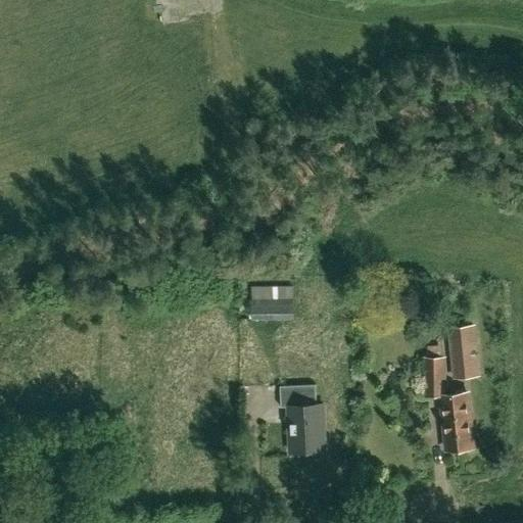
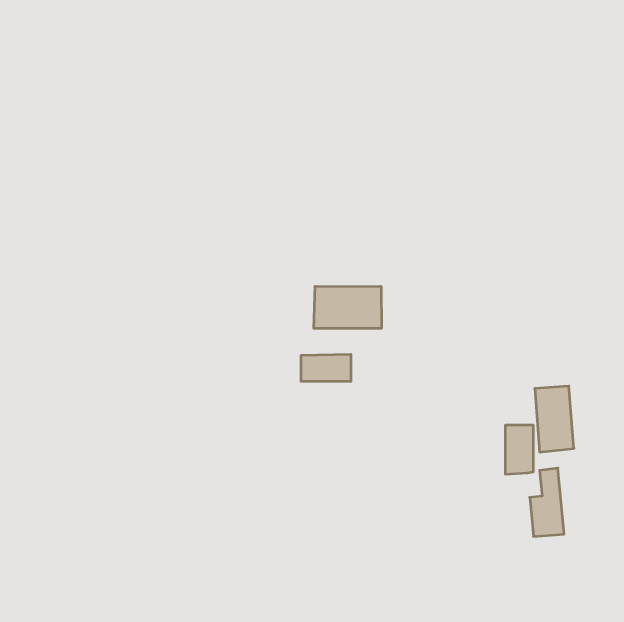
building: none -> [314,286,381,328]
building: [278,386,324,454] -> none

